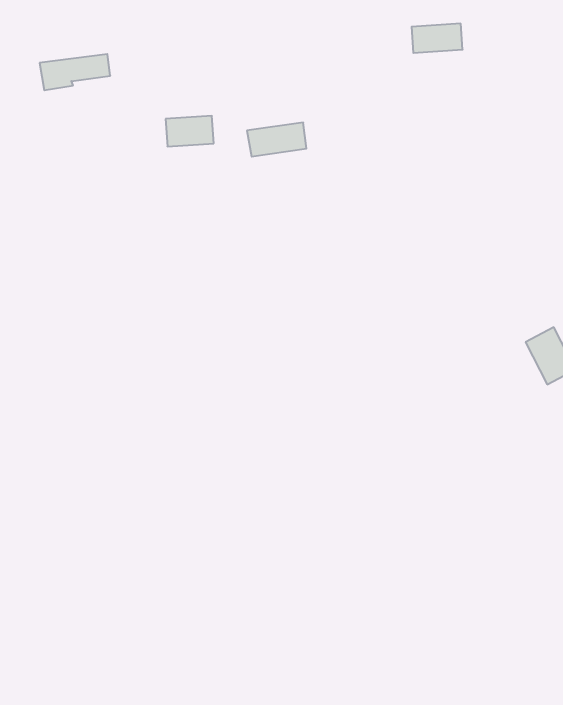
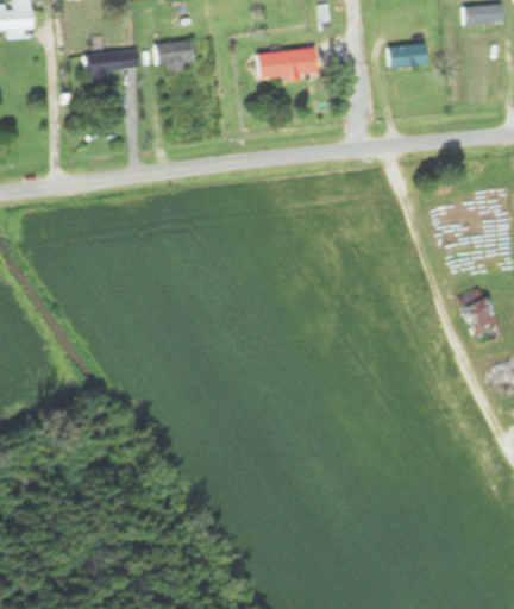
building: [166,116,214,146] -> [153,42,192,64]
building: [247,123,306,157] -> [270,55,318,80]

